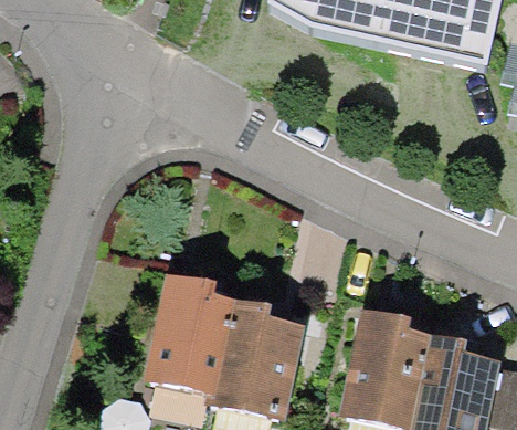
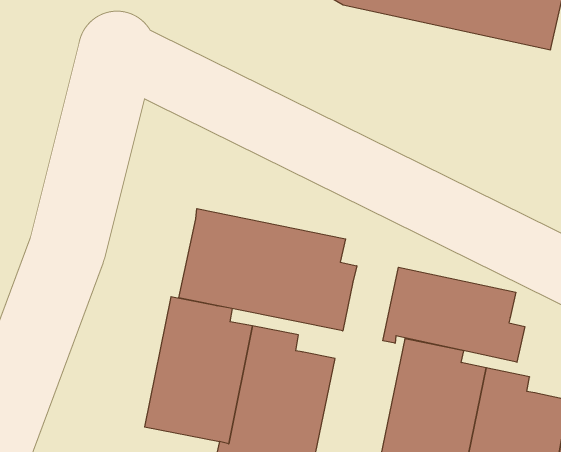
building: none -> [179,209,357,331]
building: none -> [383,267,525,362]

